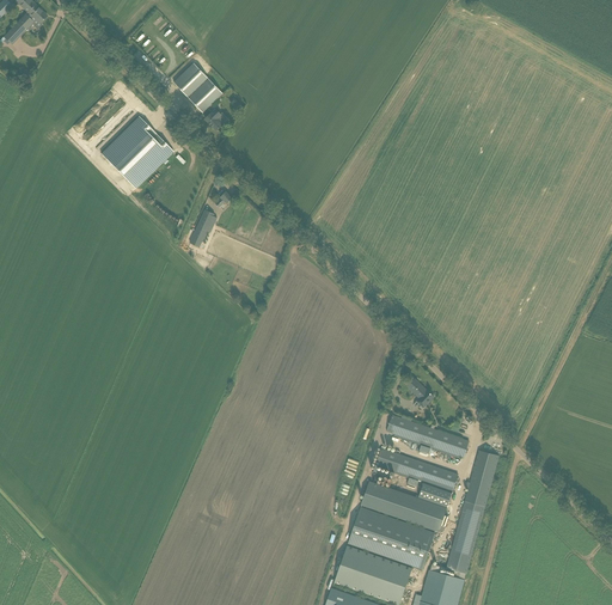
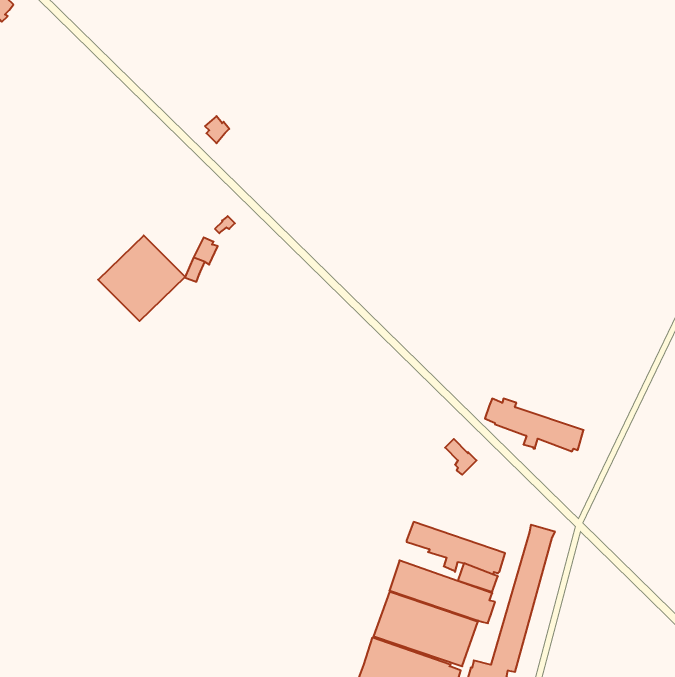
building: [173,62,222,111] -> none
building: [100,116,173,188] -> [98,235,185,321]
building: [386,414,469,458] -> [485,399,584,451]

